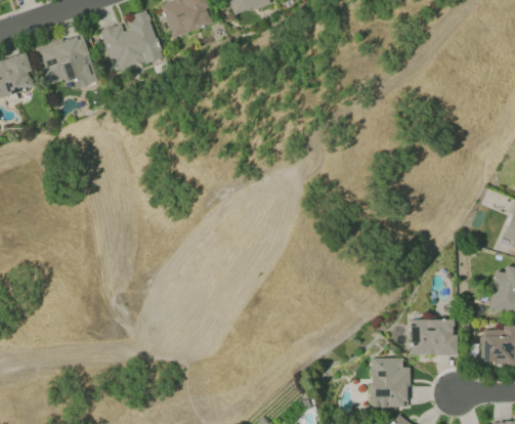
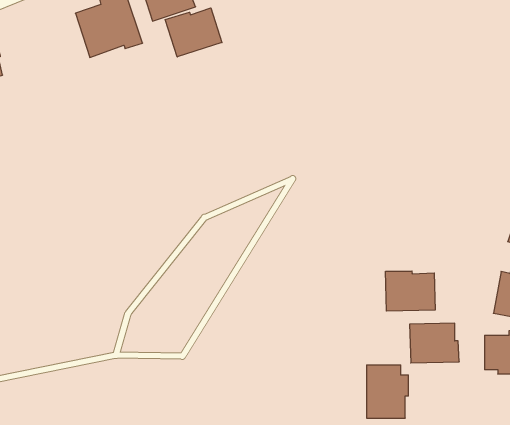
building: none -> [165,8,222,57]
building: [37,34,97,89] -> none
building: none -> [386,271,435,311]

